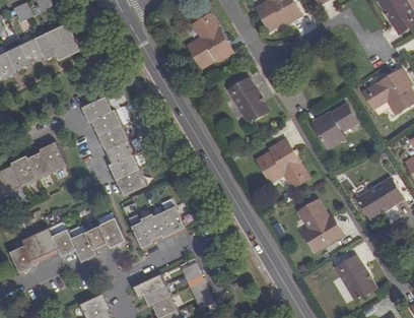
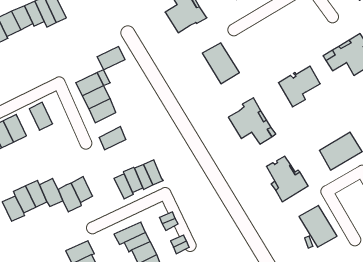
building: [81,97,112,122] -> [97,47,125,70]
building: [26,151,51,179] -> none
building: [109,154,139,181] -> none
building: [98,216,126,248] -> none

